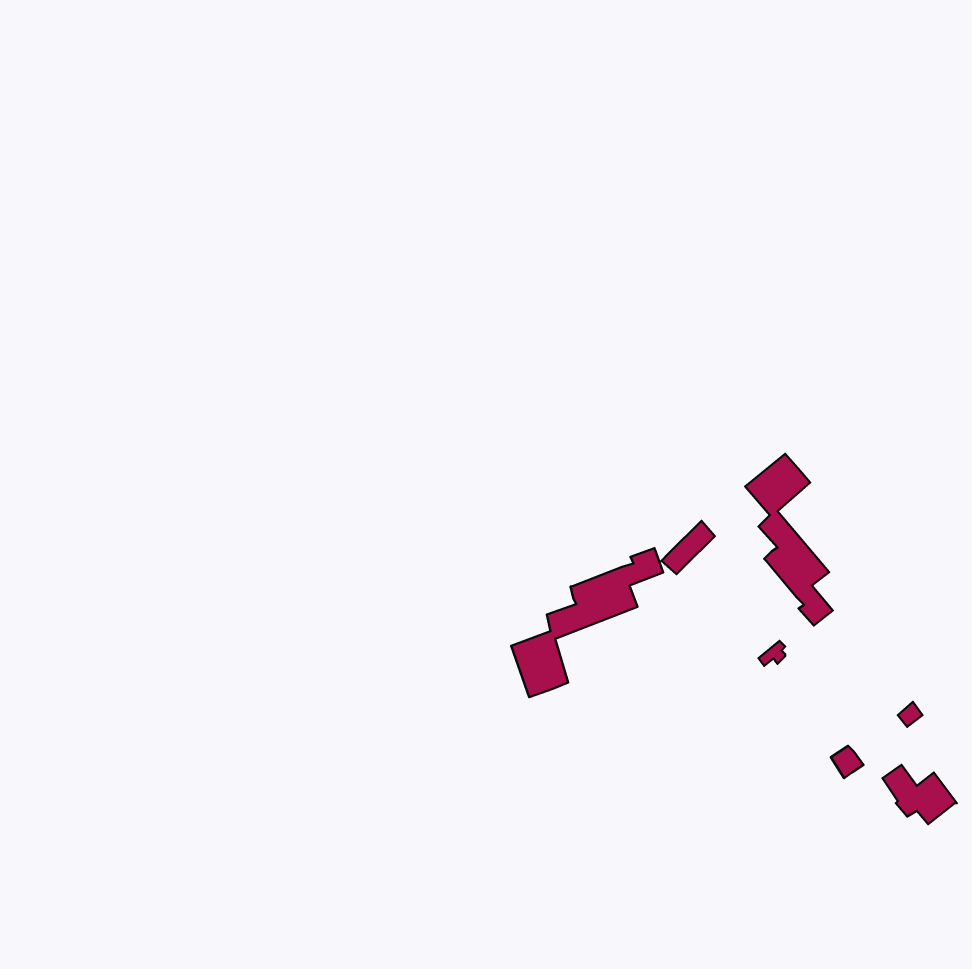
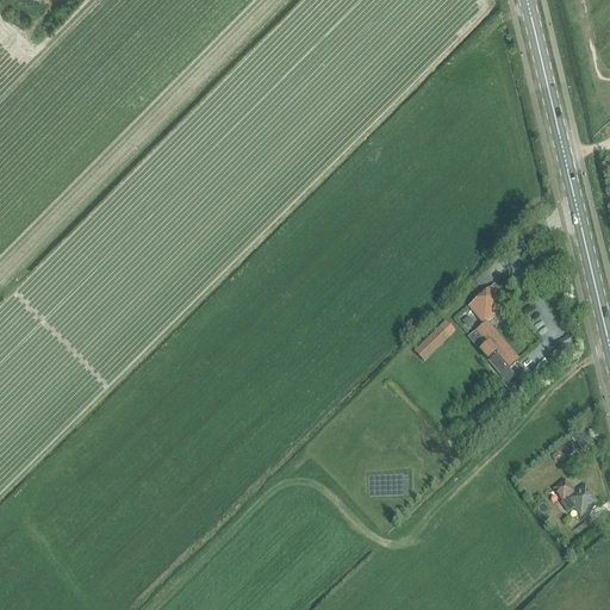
building: [511,548,663,697] -> none

